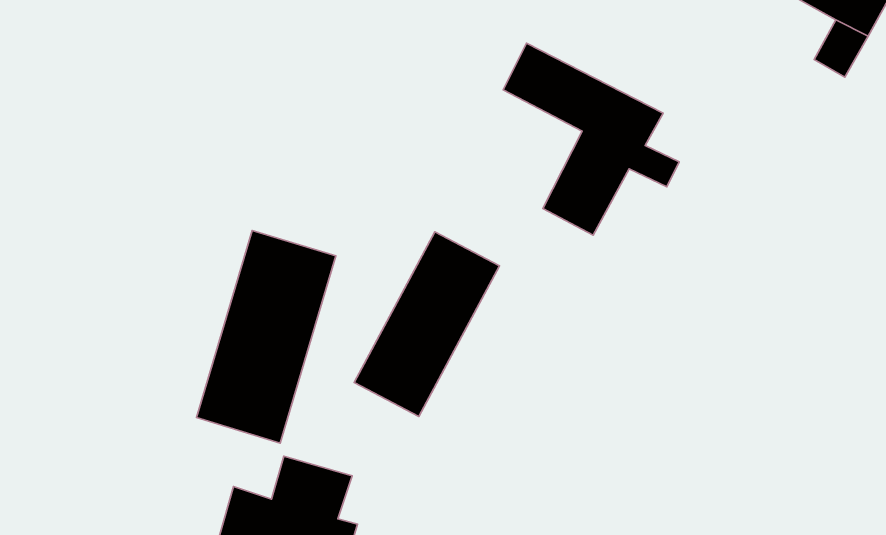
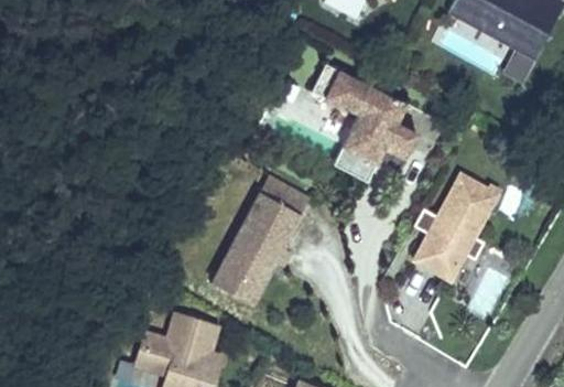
building: none -> [414,173,499,279]
building: [196,230,336,443] -> none

